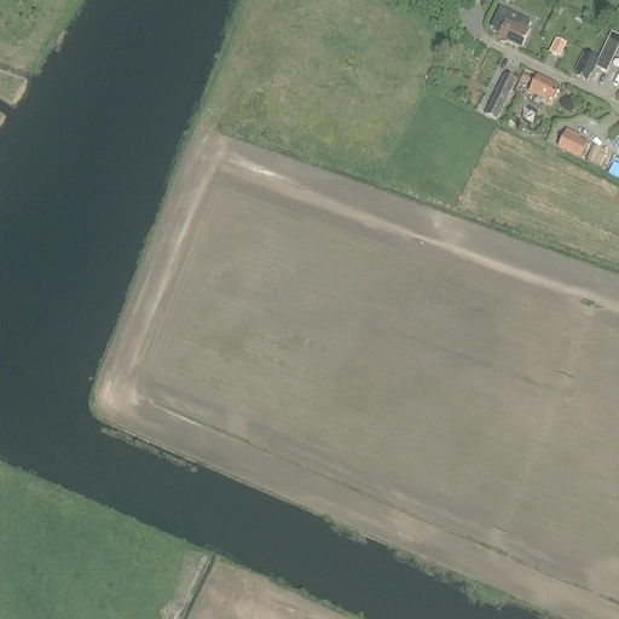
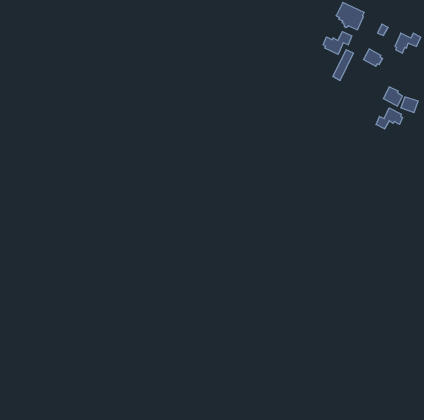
building: none -> [323,32,352,54]
building: none -> [376,108,403,129]

